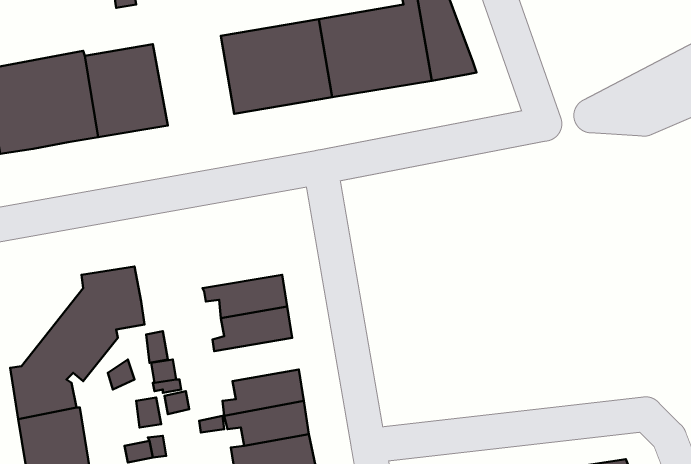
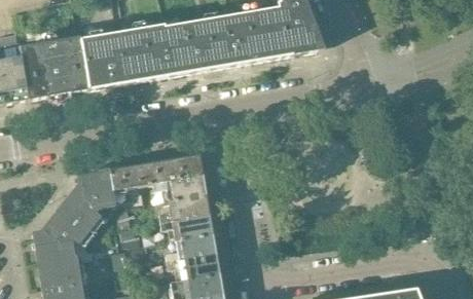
building: none -> [124,24,175,81]
building: none -> [113,153,205,190]
building: none -> [162,213,215,239]

